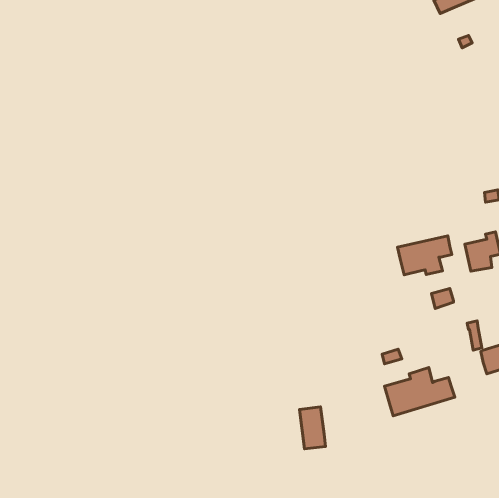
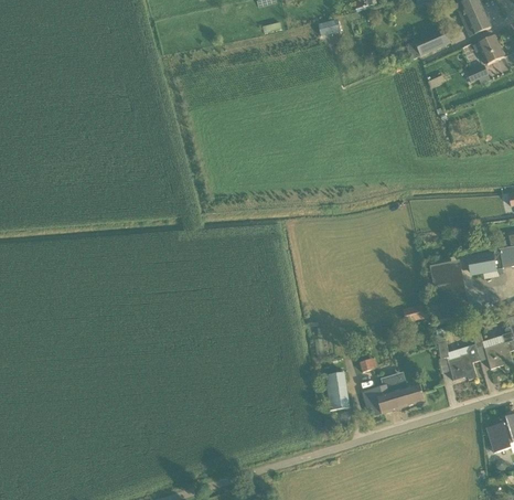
building: [398,236,452,275] -> none
building: [299,407,325,449] -> [325,371,349,408]

